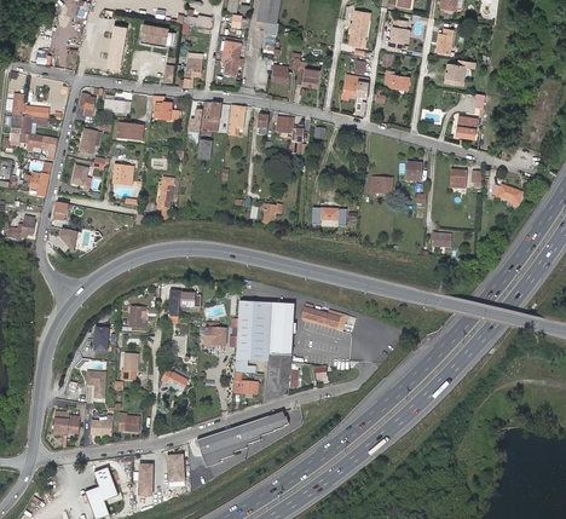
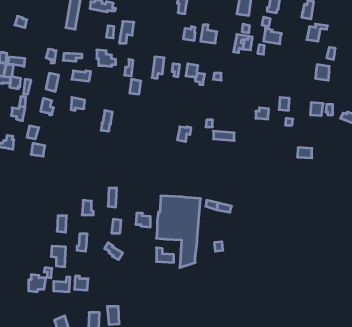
building: [216,41,243,76] -> none
building: [201,100,221,133] -> none
building: [200,411,291,468] -> none

